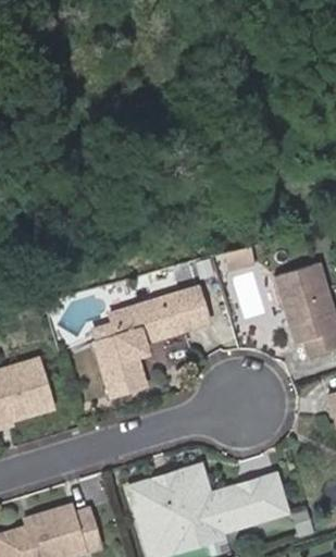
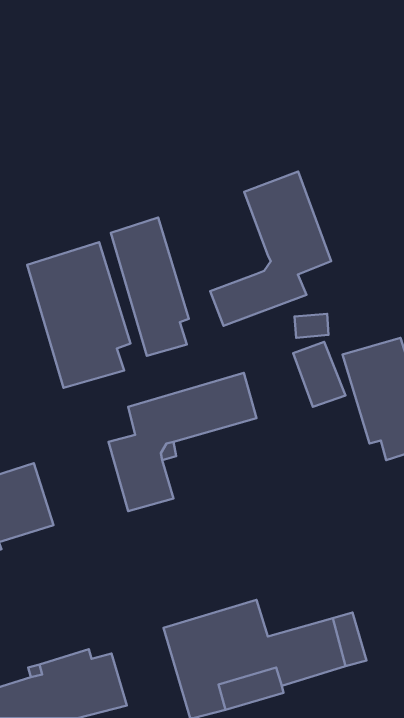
building: none -> [210,172,331,326]
building: none -> [111,217,189,356]
building: none -> [27,242,130,388]

